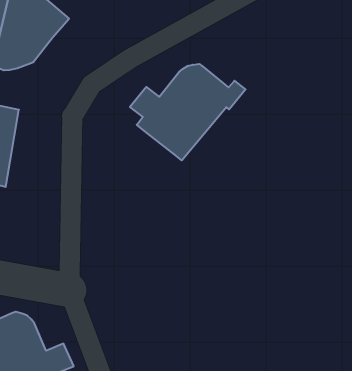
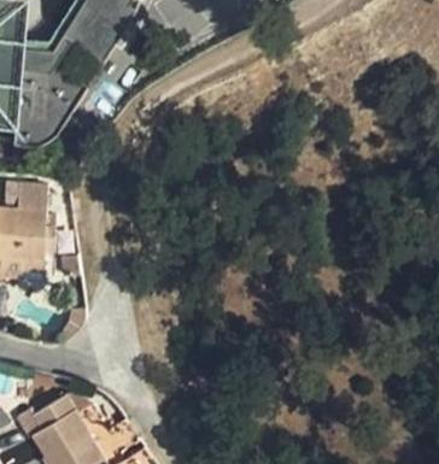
building: [130,64,246,160] -> none

